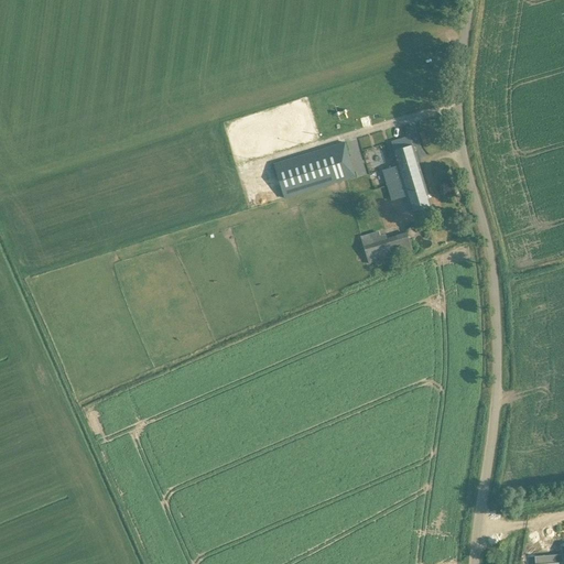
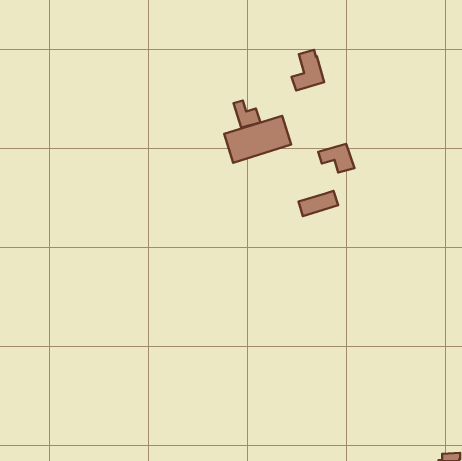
building: none -> [234,101,260,128]
building: [382,135,422,185] -> [292,50,324,90]

